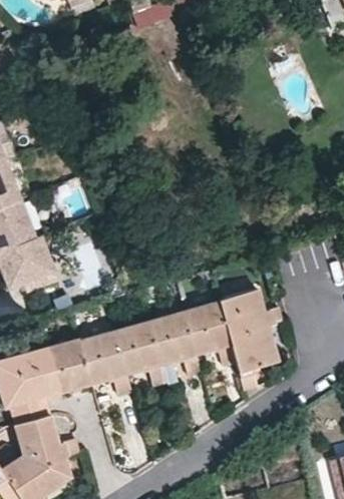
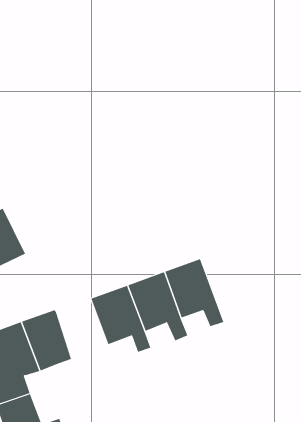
building: [223,290,285,390] -> none
building: [82,329,131,394] -> none

